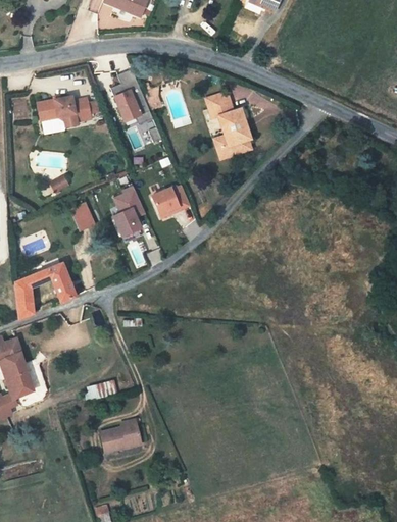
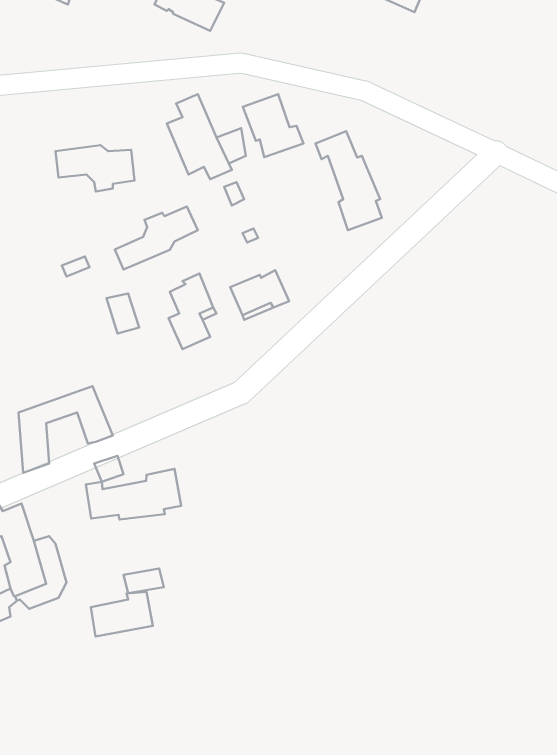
building: none -> [243,94,303,157]
building: none -> [115,207,198,270]
building: none -> [86,469,181,520]
building: [92,424,133,454] -> [91,592,153,637]

